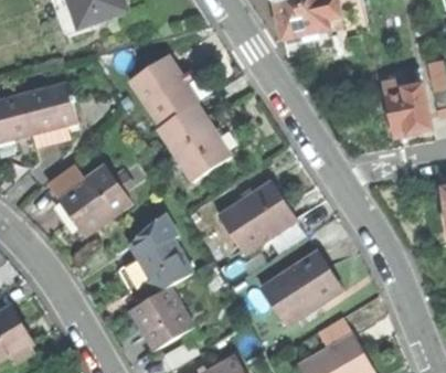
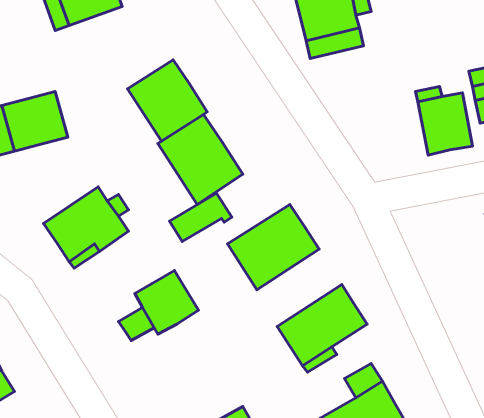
building: [126,216,180,258] -> [170,193,232,241]
building: [132,285,198,350] -> none

